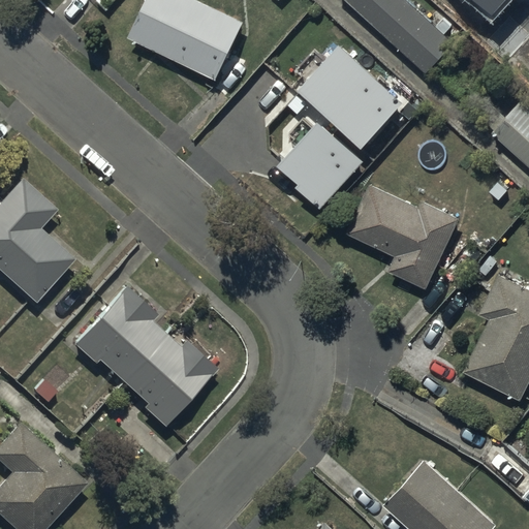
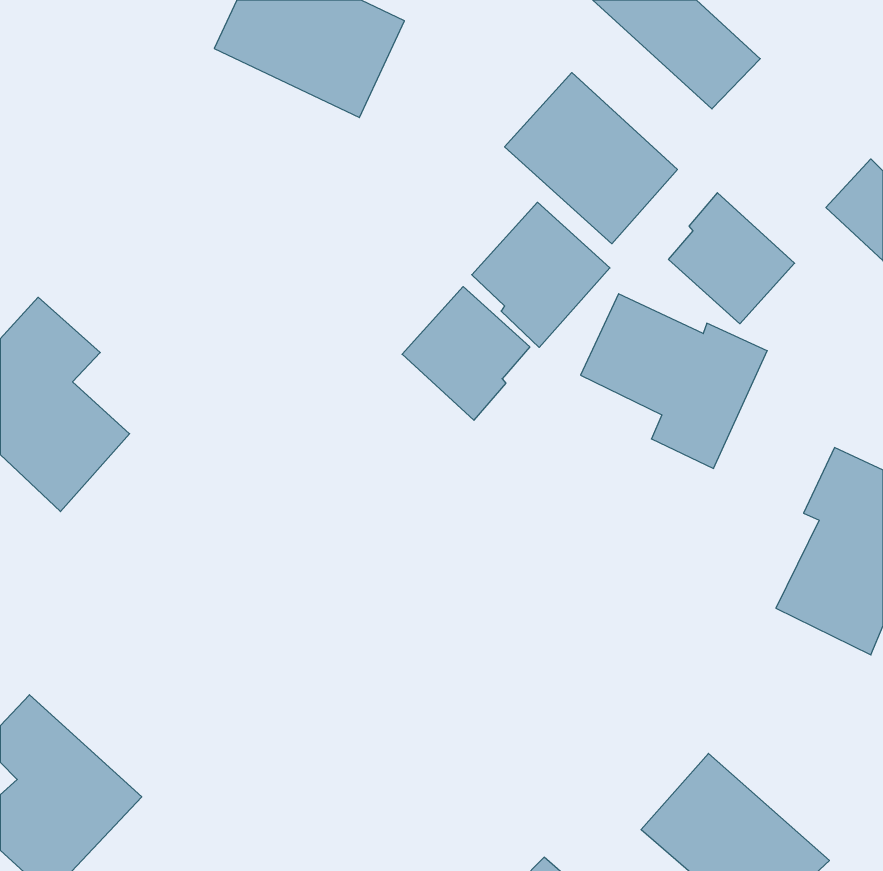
building: none -> [669,193,795,324]
building: none -> [402,287,530,420]
building: [72,286,215,425] -> none

